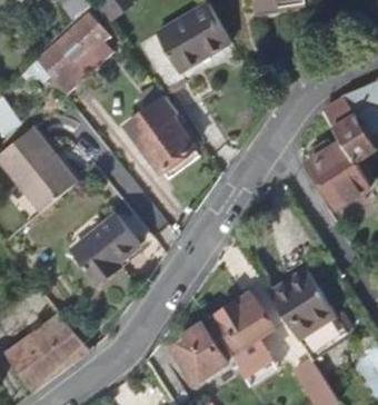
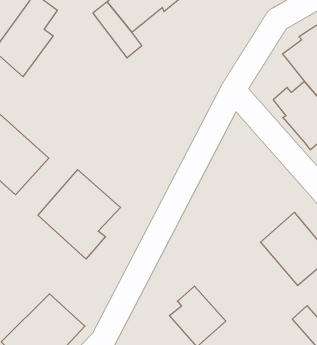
building: [125,100,196,176] -> none
building: [209,300,276,371] -> none

